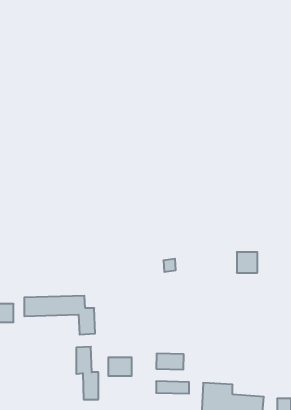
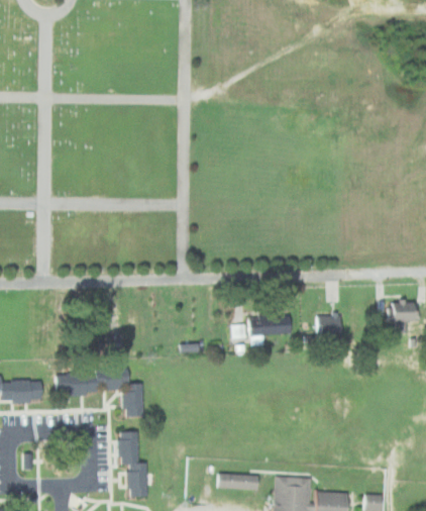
building: none -> [249,318,292,336]
building: [157,353,183,370] -> none
building: [108,357,132,376] -> none

